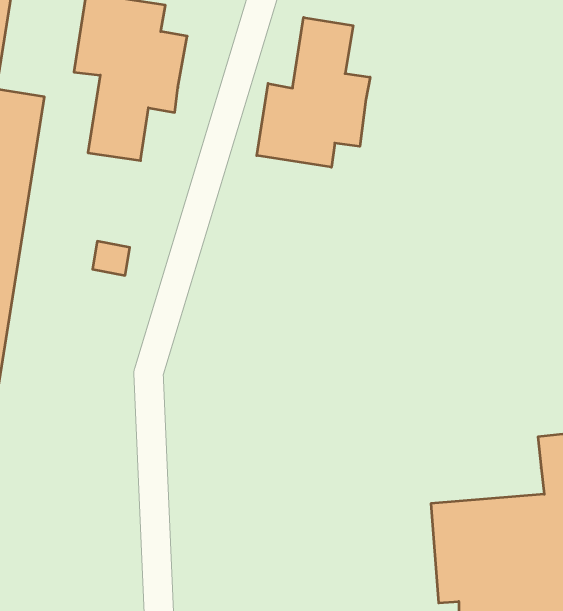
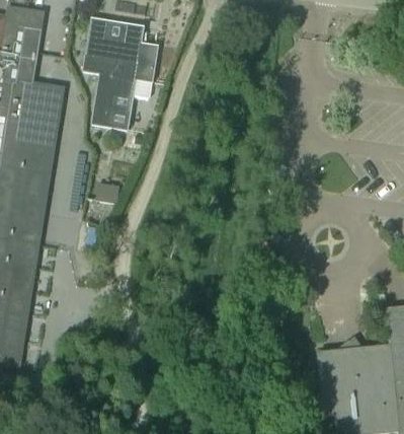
building: [257,17,370,167] -> none

